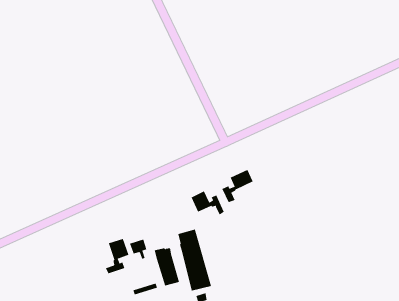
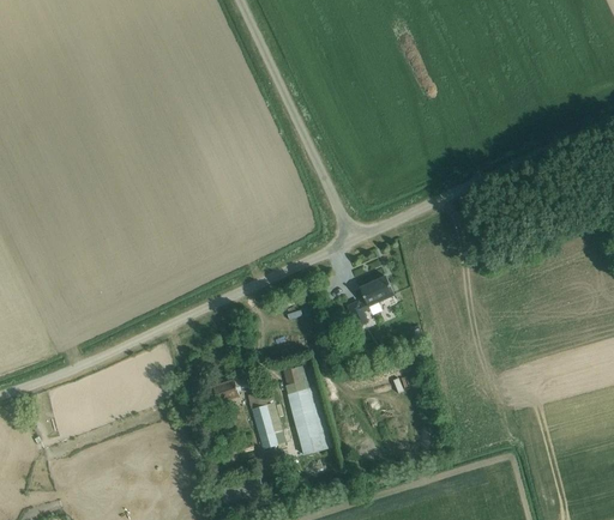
building: [191,191,224,215] -> none
building: [105,238,129,274] -> none

